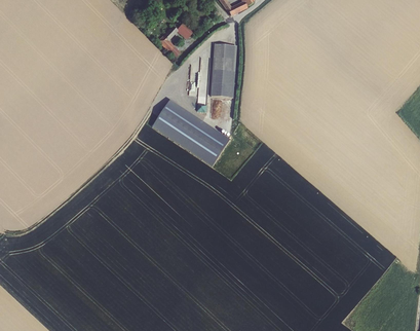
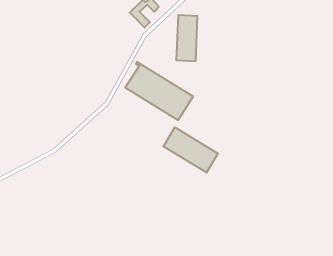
building: none -> [163,127,218,173]

